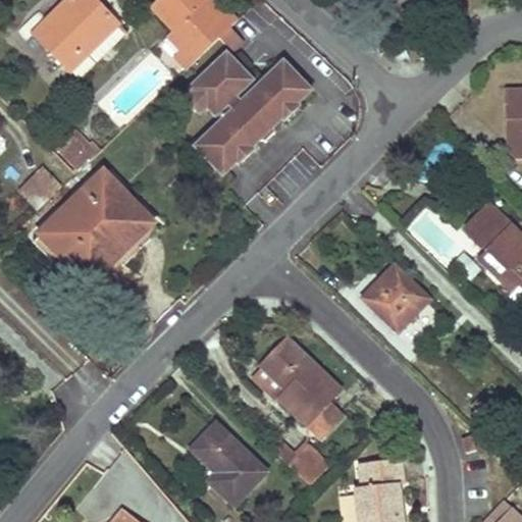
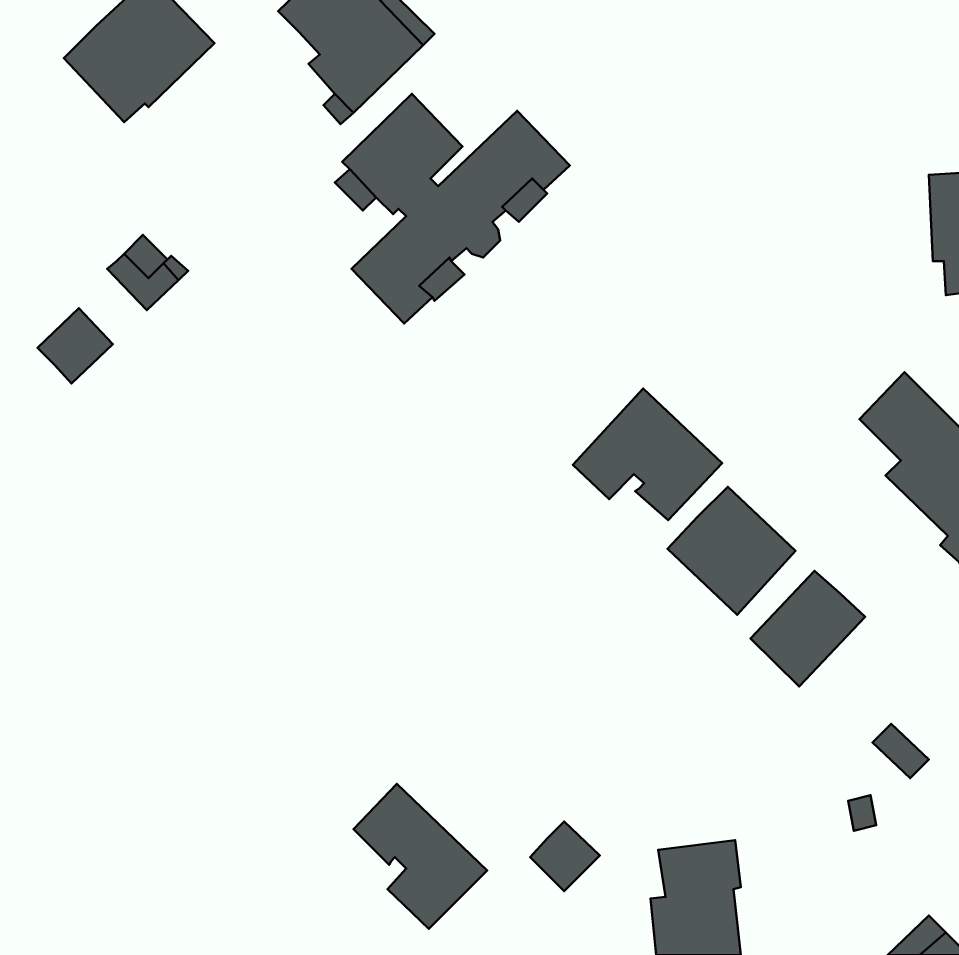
building: [41,171,150,283] -> none
building: none -> [573,388,722,520]
building: none -> [751,571,865,687]
building: [256,341,343,437] -> none

